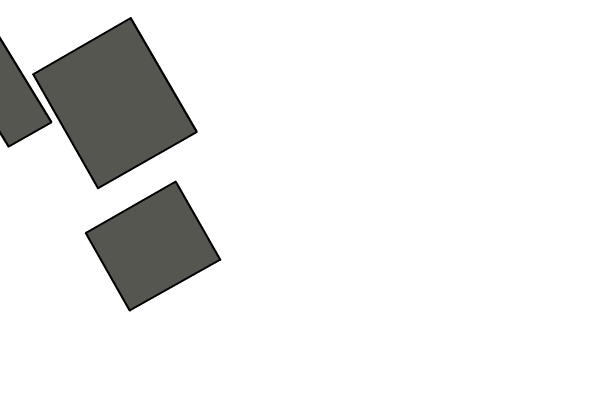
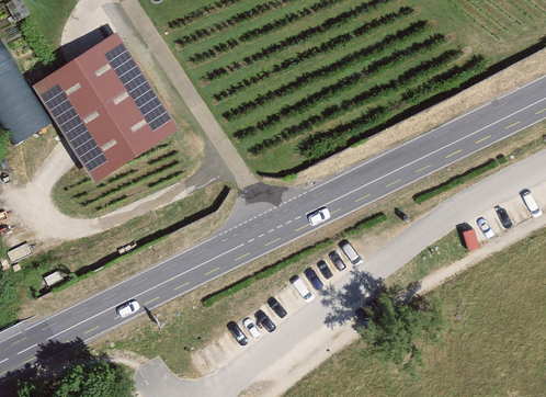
building: [86,182,220,311] -> none

